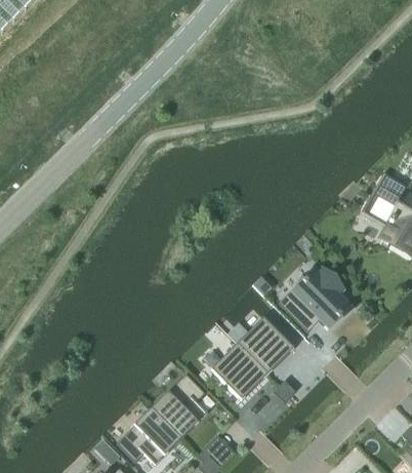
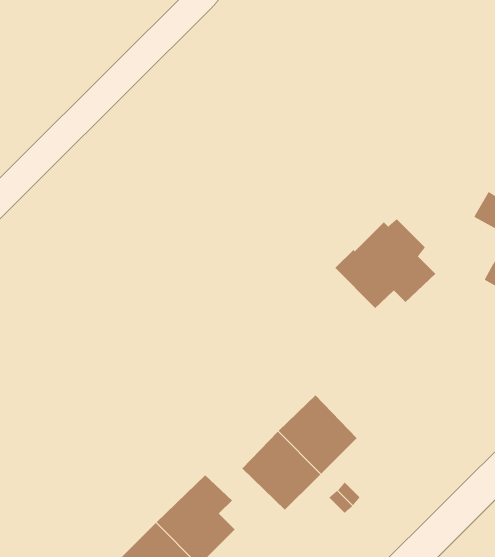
building: [278,268,349,331] -> [334,219,436,309]

